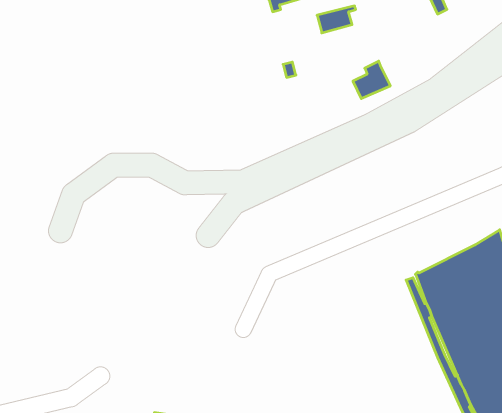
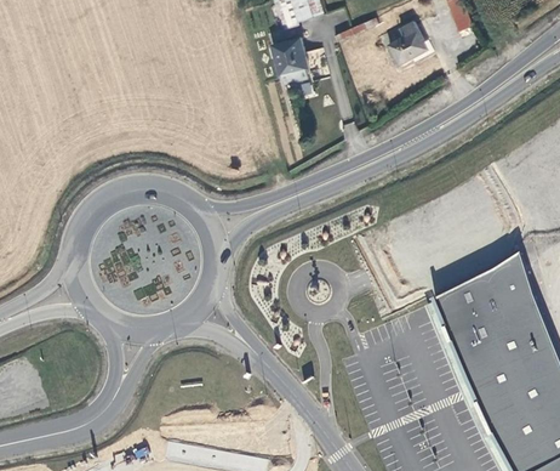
building: none -> [273,33,309,81]
building: [353,61,390,99] -> [388,19,427,58]

